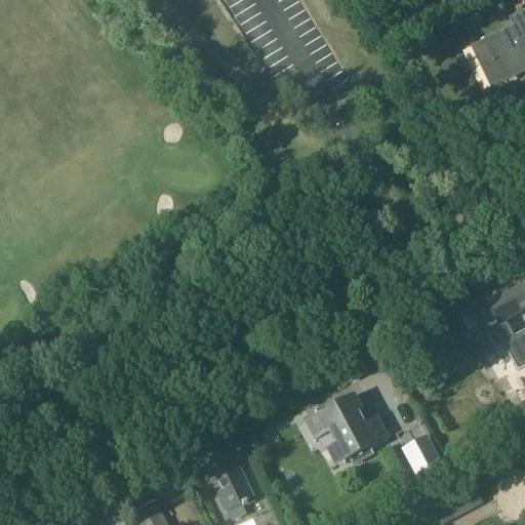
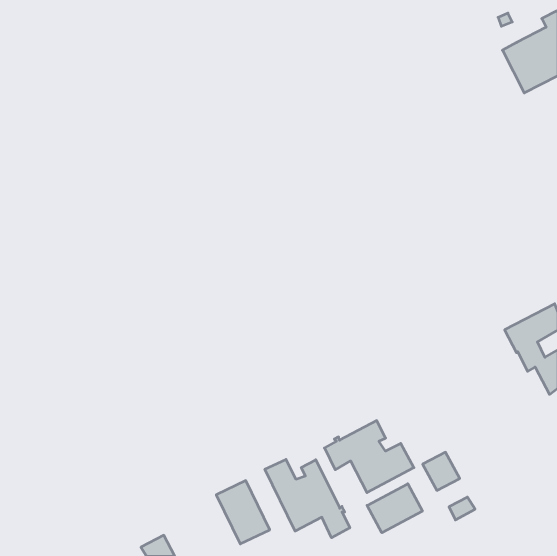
building: none -> [265,459,350,538]
building: none -> [367,484,422,533]

